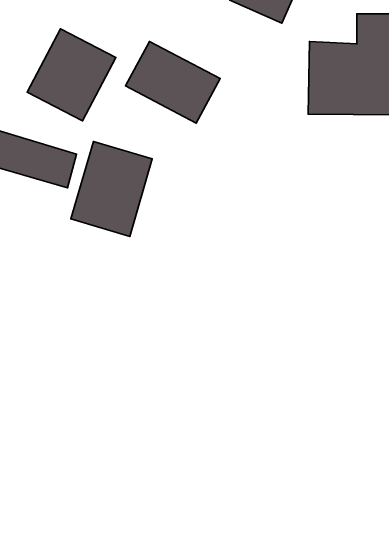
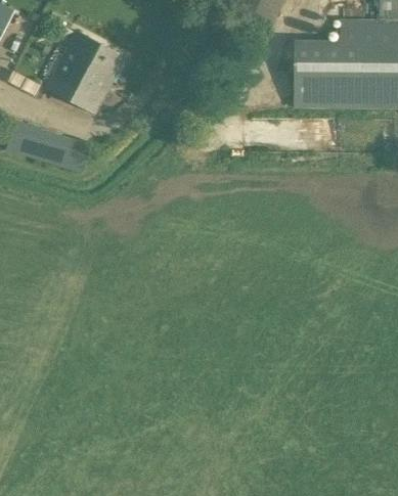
building: [126,41,220,123] -> none
building: [71,142,152,236] -> none

